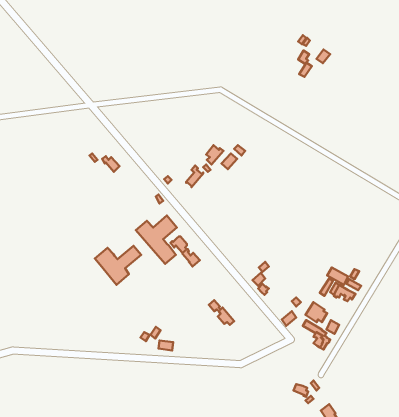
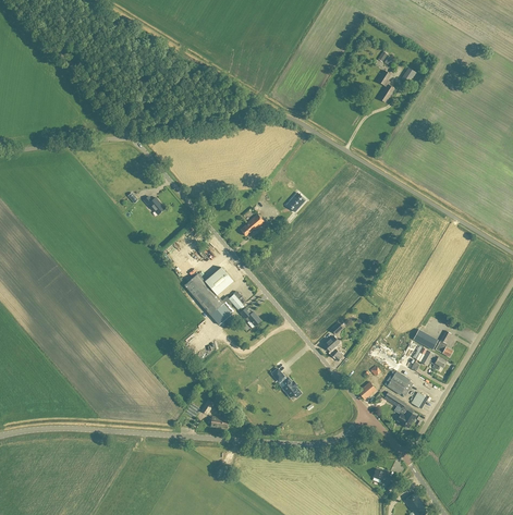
building: [95,246,141,285] -> none

